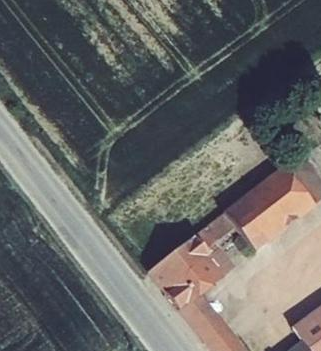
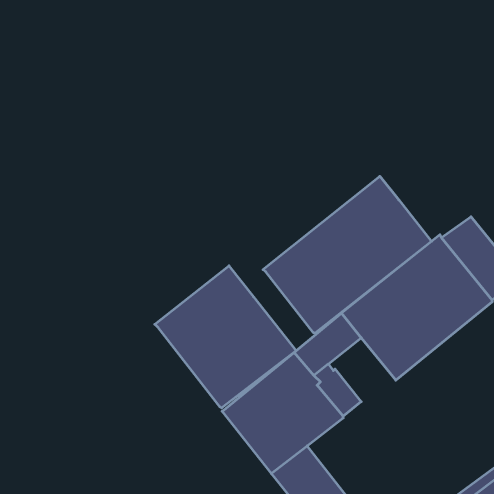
building: none -> [263,176,432,333]
building: none -> [155,266,296,408]

